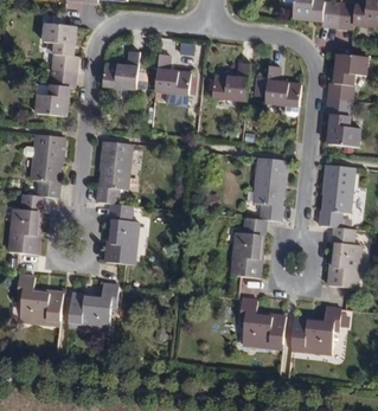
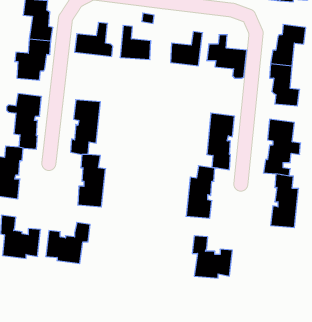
building: [289,306,340,352] -> none

